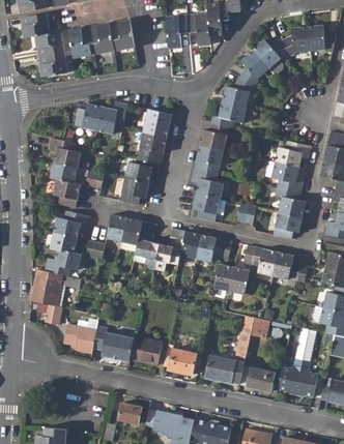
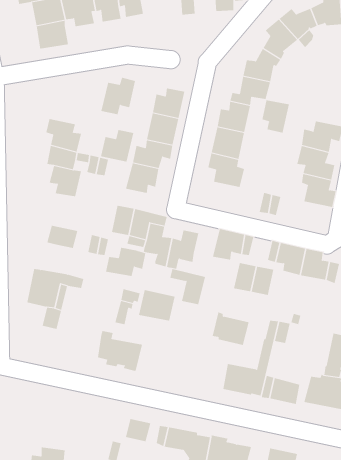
building: [73,102,103,131] -> [100,129,134,162]
building: none -> [262,100,289,133]
building: [191,194,220,221] -> none
building: [53,209,81,237] -> none
building: [271,211,302,239] -> none
building: [169,228,201,260] -> [169,268,206,305]
building: [44,249,80,275] -> [105,247,146,276]
building: [64,323,96,353] -> none
building: [128,336,162,364] -> [138,289,176,321]
building: [163,344,196,374] -> [212,312,249,346]

